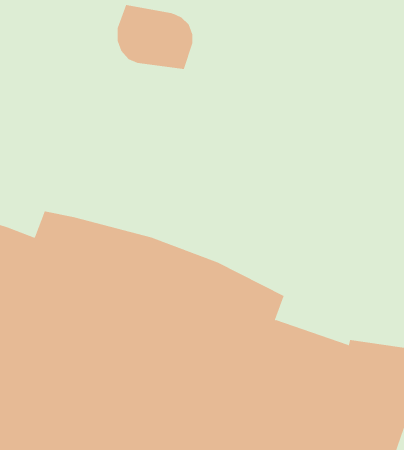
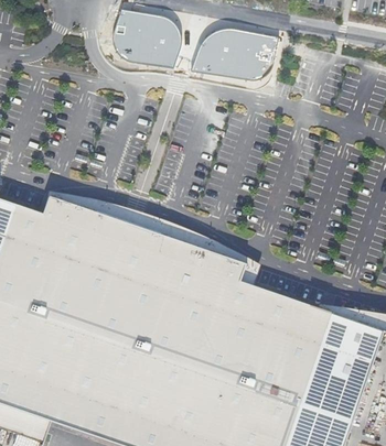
building: none -> [193,28,279,78]

